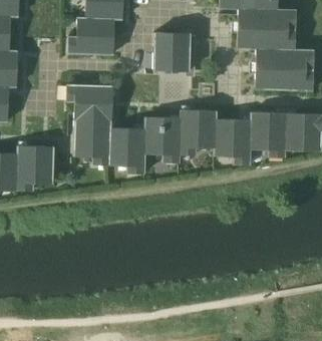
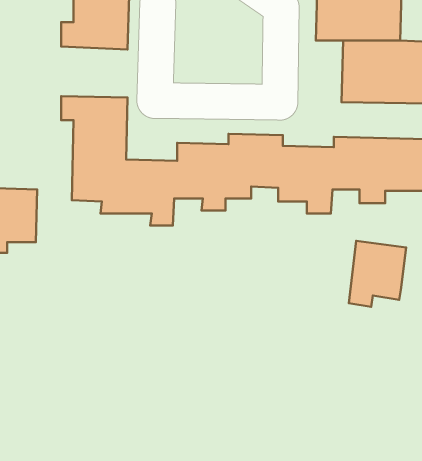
building: [153,34,191,72] -> none
building: none -> [349,241,406,307]

